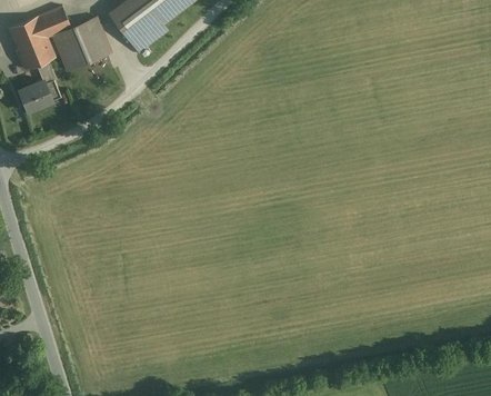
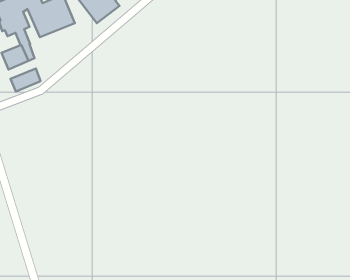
building: none -> [11,68,41,92]

